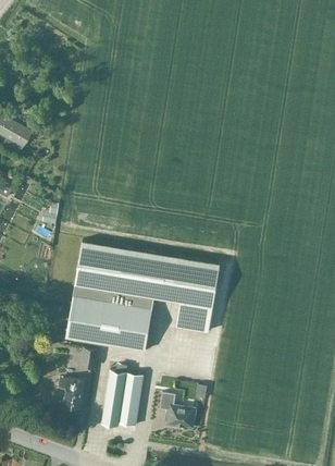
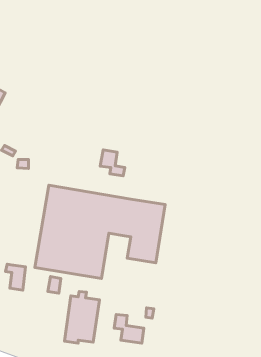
building: none -> [100,150,125,176]
building: [59,378,83,408] -> [5,264,26,290]

